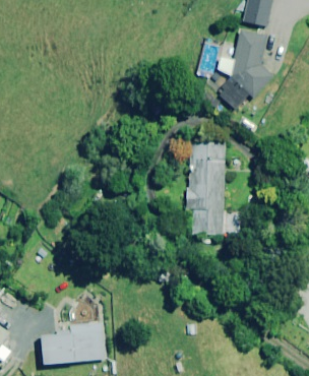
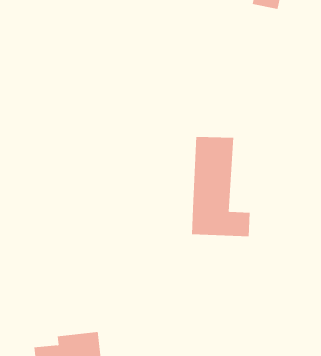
building: [215,27,270,109] -> none

